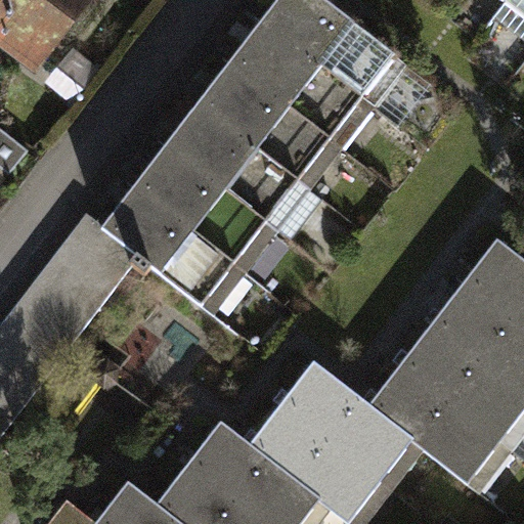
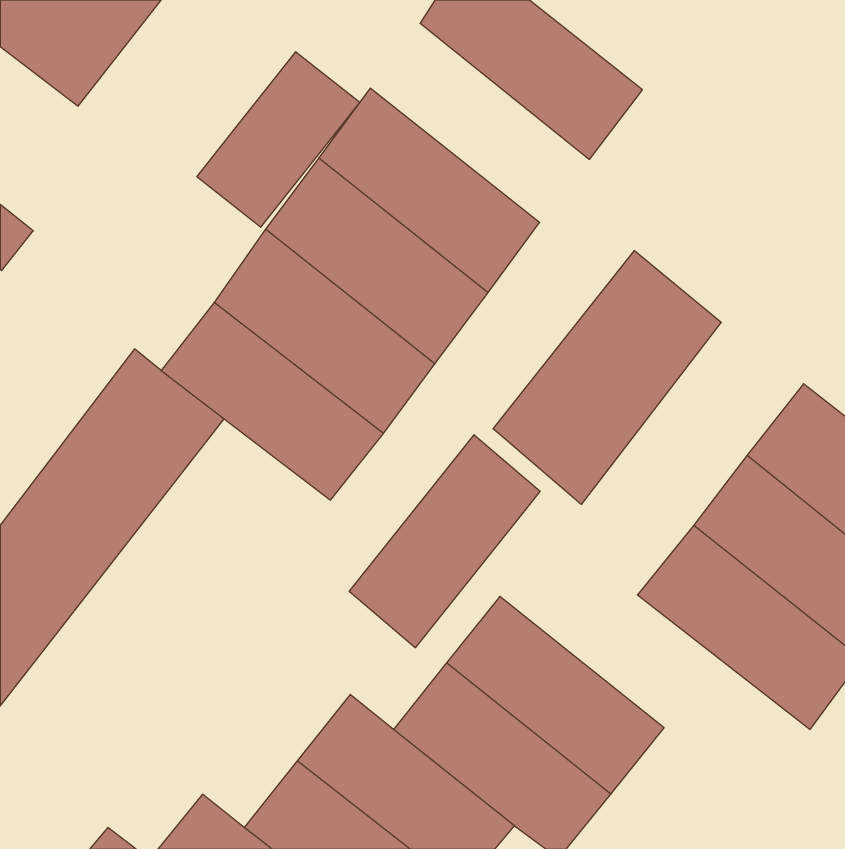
building: [230,14,365,137] -> none
building: none -> [197,52,360,227]
building: none -> [493,251,721,504]
building: none -> [349,435,540,648]
building: [361,366,501,492] -> none

